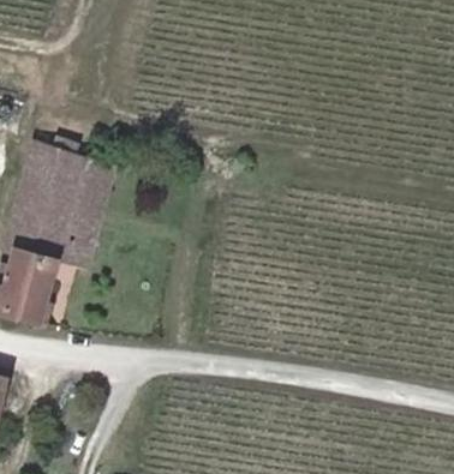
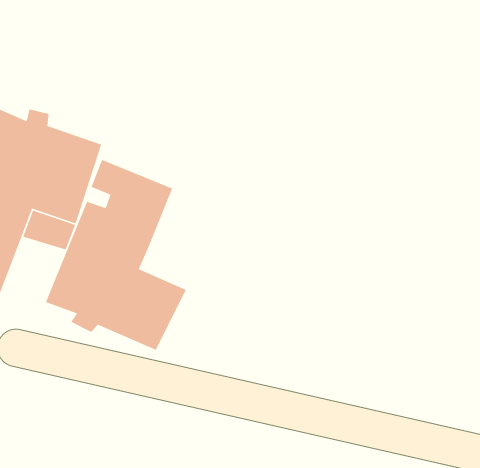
building: none -> [45,159,187,351]

